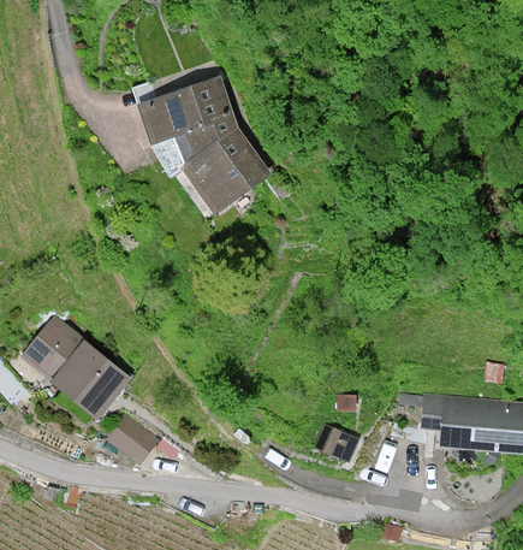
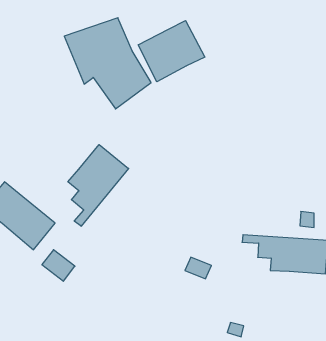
building: none -> [138,21,205,82]
building: none -> [68,145,129,226]

